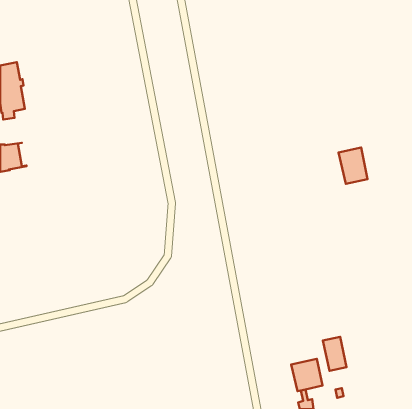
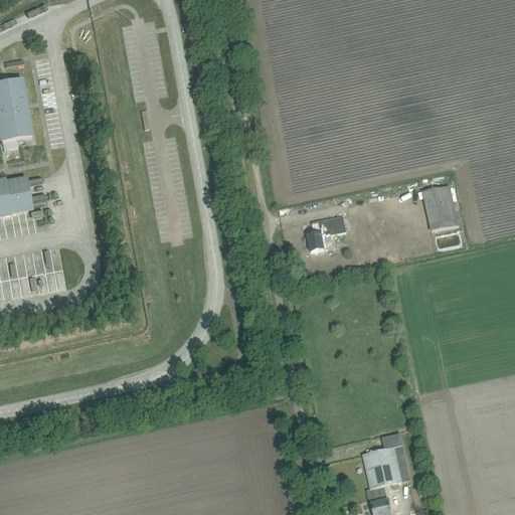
building: none -> [308,215,347,250]
building: [323,337,347,371] -> none

